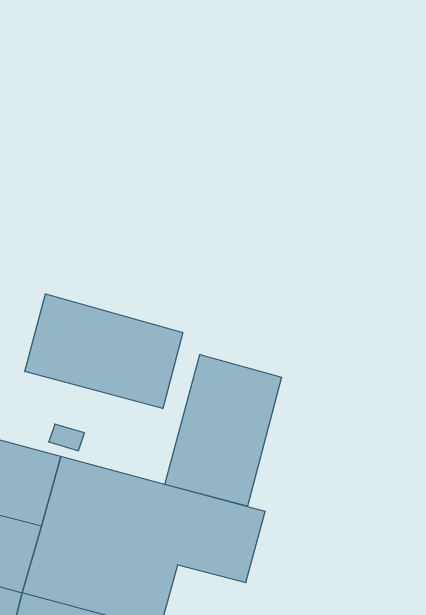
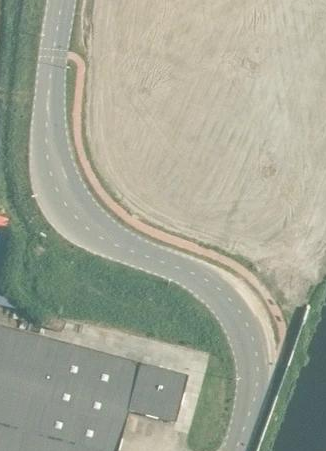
building: [25,294,183,409] -> none
building: [165,354,282,506] -> none

